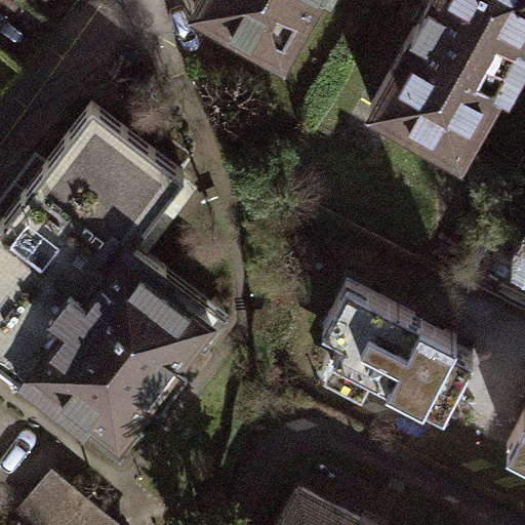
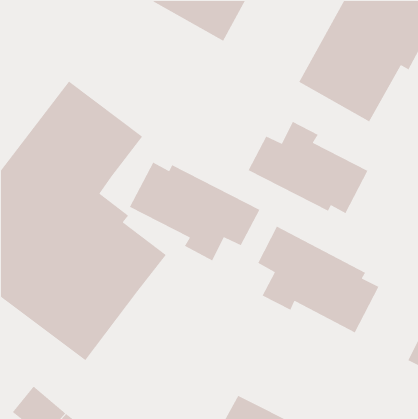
building: none -> [248,121,369,214]
building: none -> [129,161,260,261]

